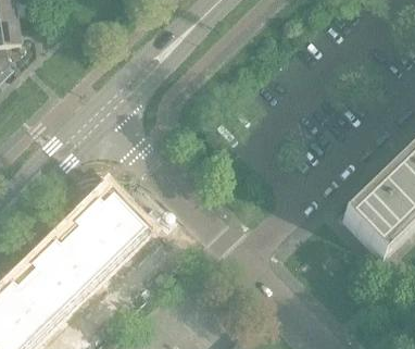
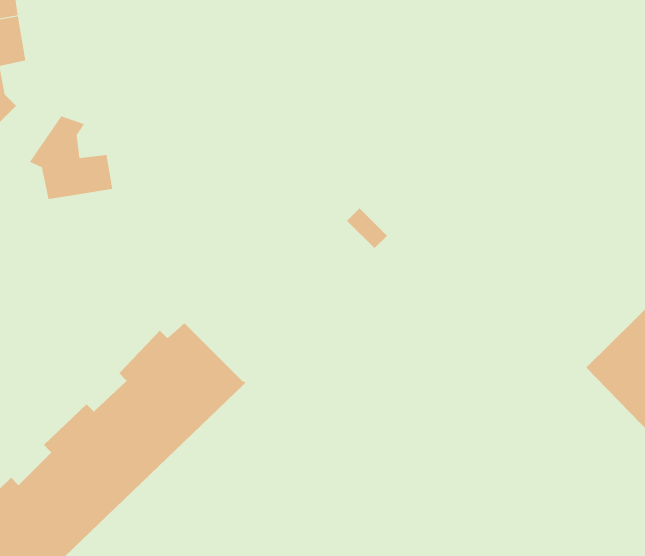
building: none -> [29,115,113,200]

